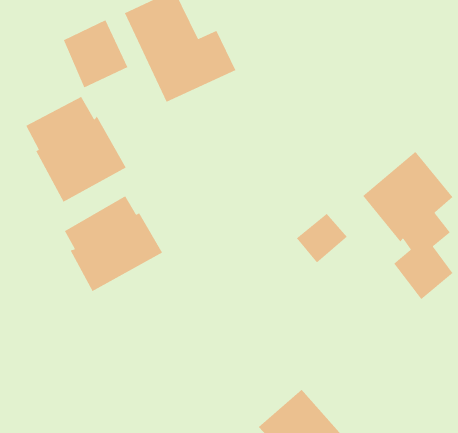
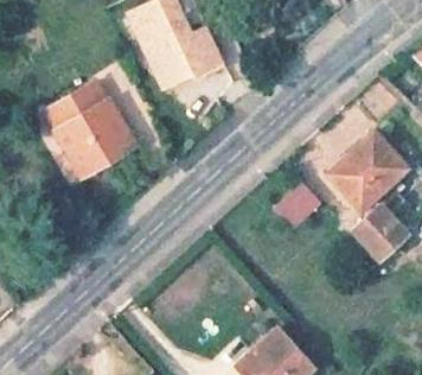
building: [63,19,128,89] -> none
building: [64,195,163,292] -> none

